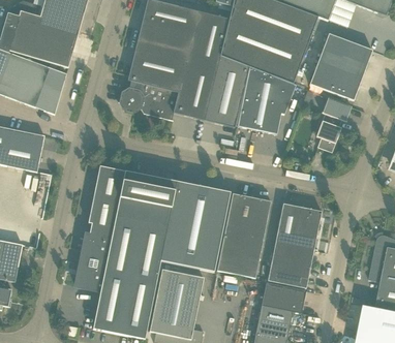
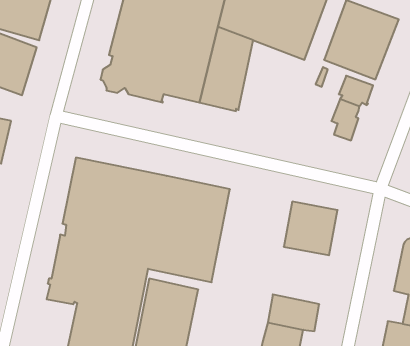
building: [237,67,296,134] -> none
building: [216,193,270,278] -> none
building: [267,242,313,288] -> none

